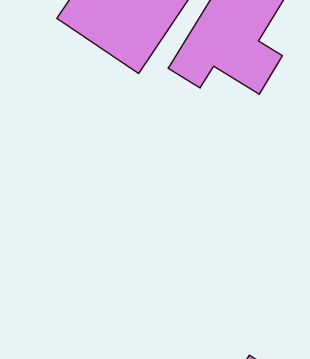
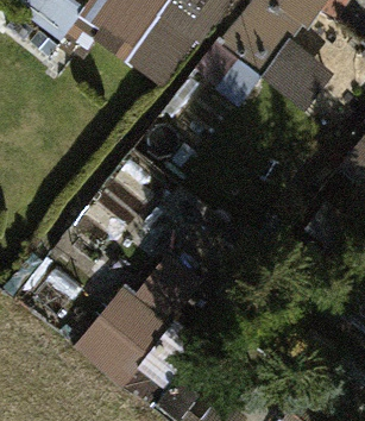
building: none -> [74,250,190,387]

